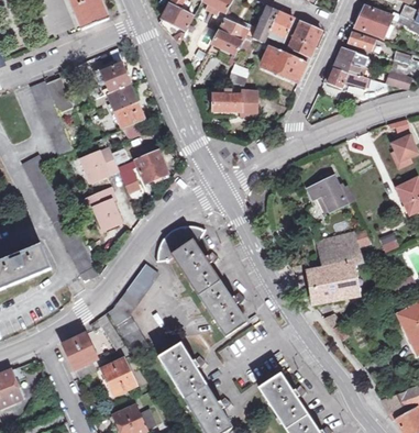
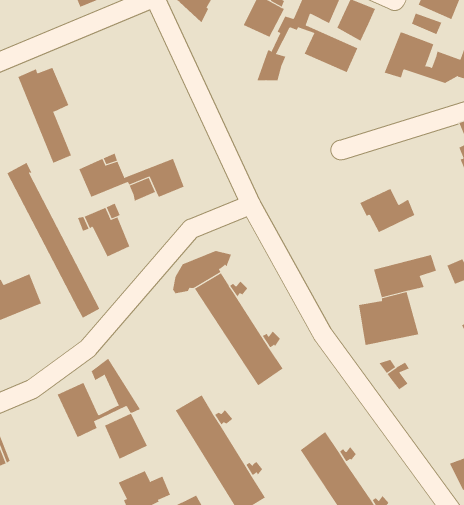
building: [93,63,144,126] -> none
building: [212,88,257,114] -> none
building: [108,263,158,353] -> none

